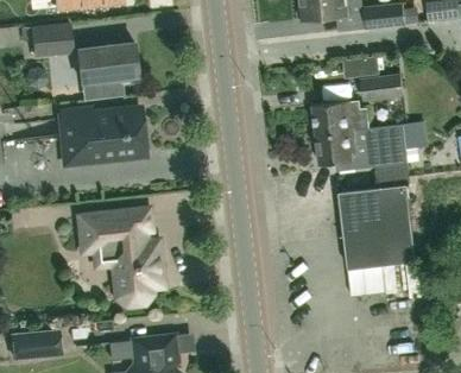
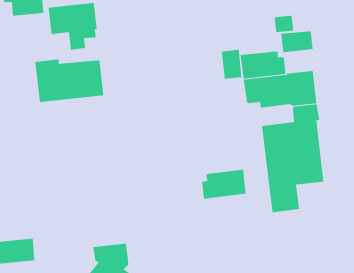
building: none -> [221,49,242,80]
building: [77,211,162,305] -> none
building: none -> [201,169,246,200]

